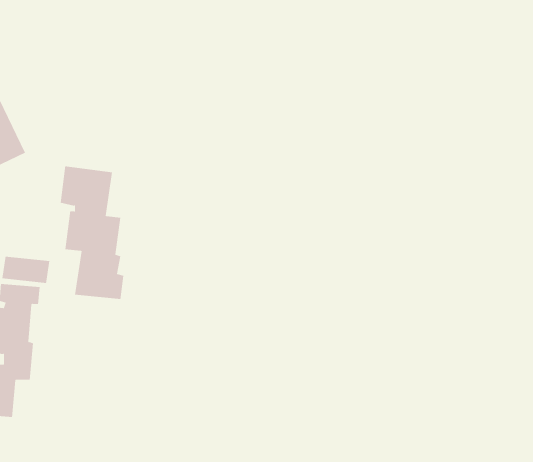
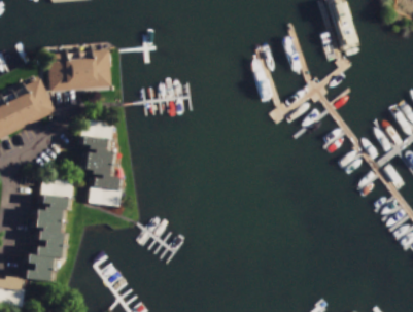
building: none -> [50,50,112,91]

